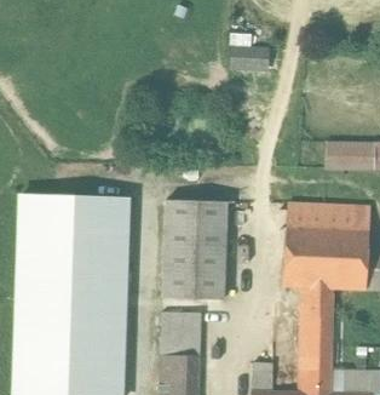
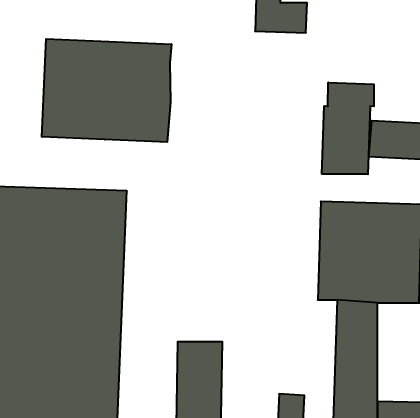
building: none -> [42,39,171,142]
building: none -> [322,82,374,174]
building: [169,207,231,305] -> none

